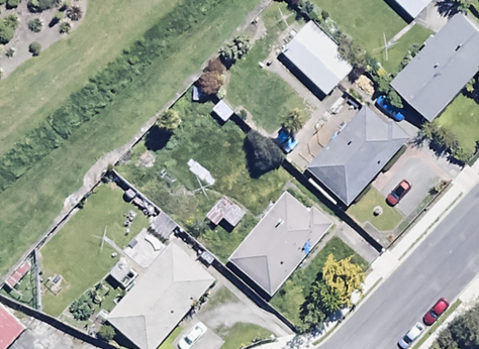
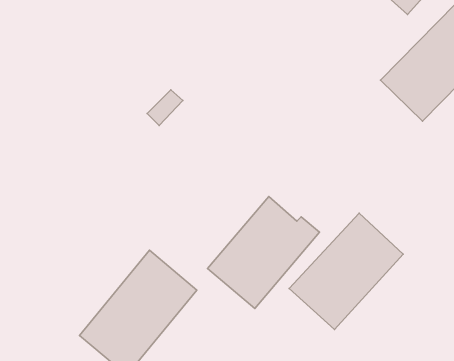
building: [278,16,357,93] -> none
building: [305,97,412,206] -> [289,213,403,330]

